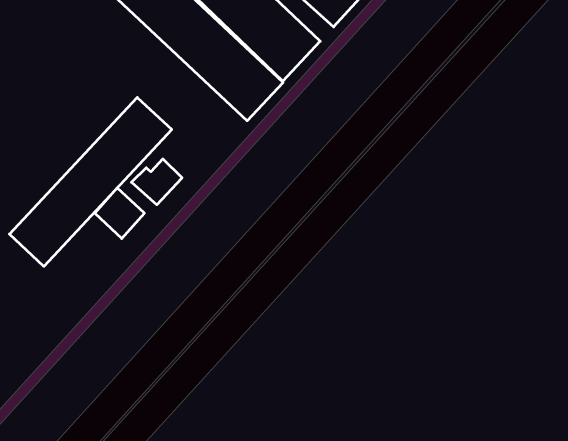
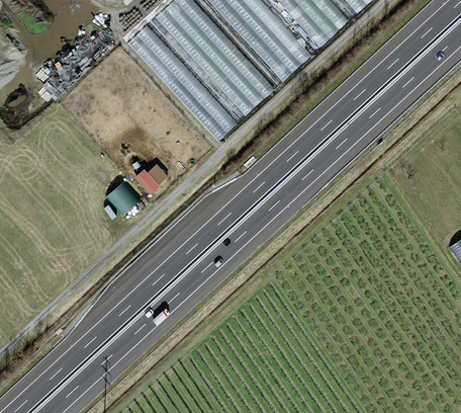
building: [9,97,172,266] -> none

